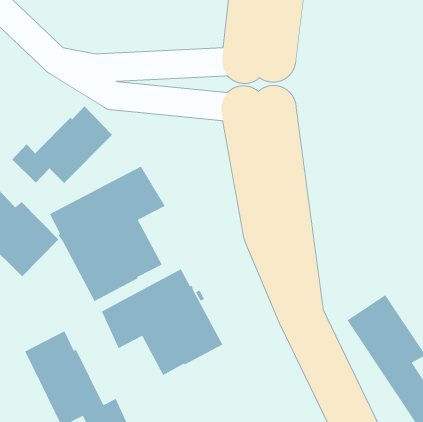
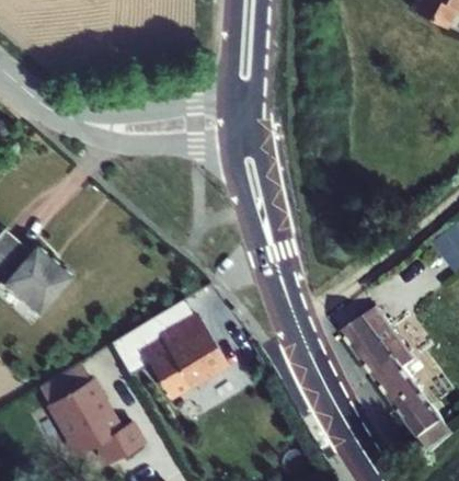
building: [11,106,113,184] -> none
building: [49,165,166,302] -> none

